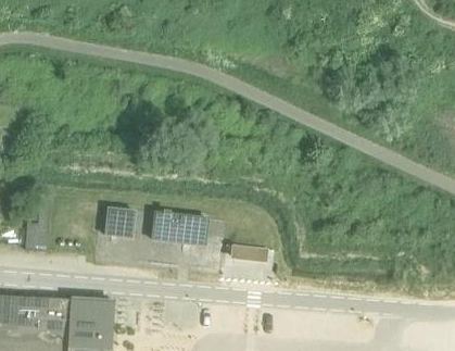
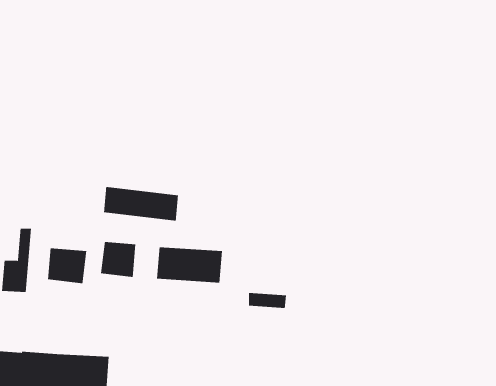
building: none -> [103,186,179,222]
building: none -> [48,247,87,284]

